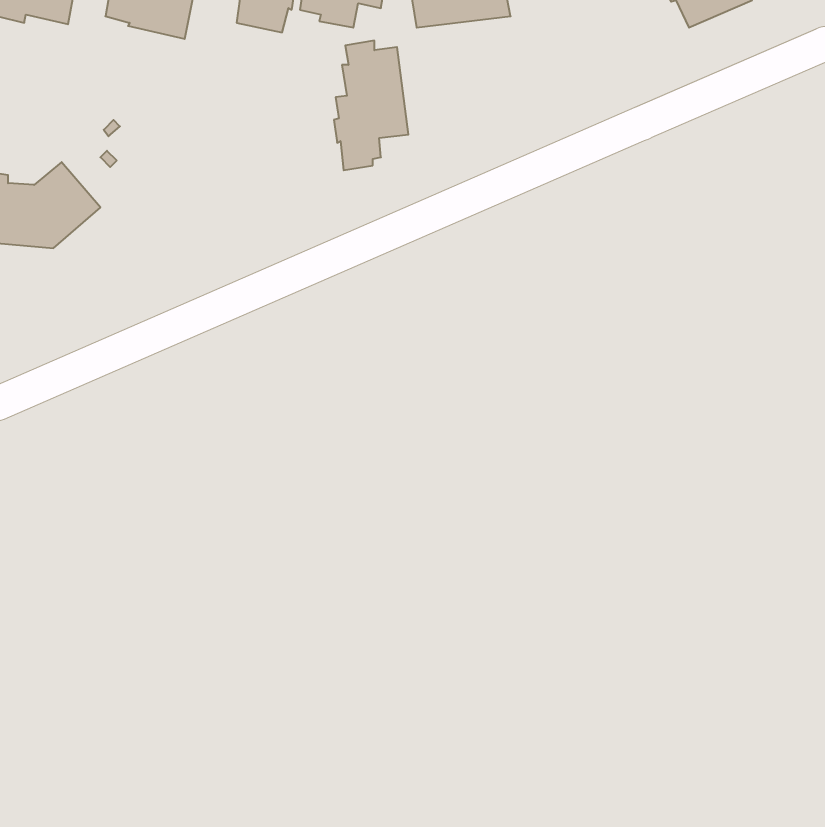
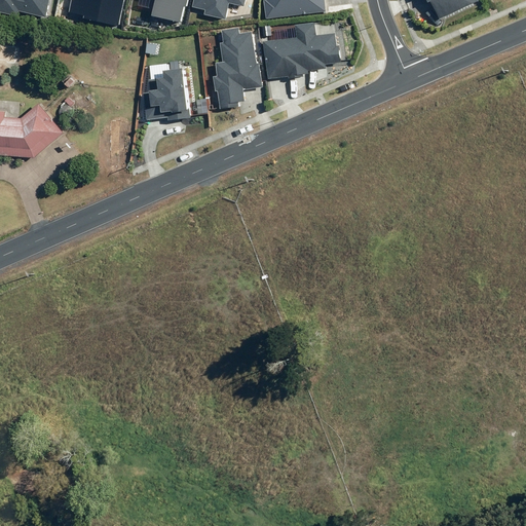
building: none -> [261,22,340,78]
building: none -> [141,68,189,119]

